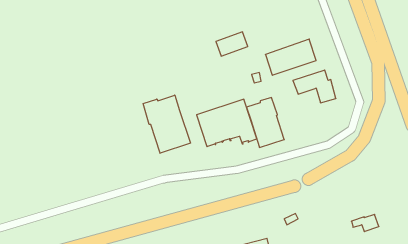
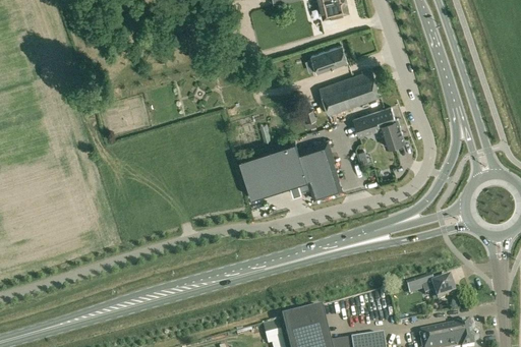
building: [216,32,248,56] -> [309,44,347,72]
building: [143,95,190,153] -> none

